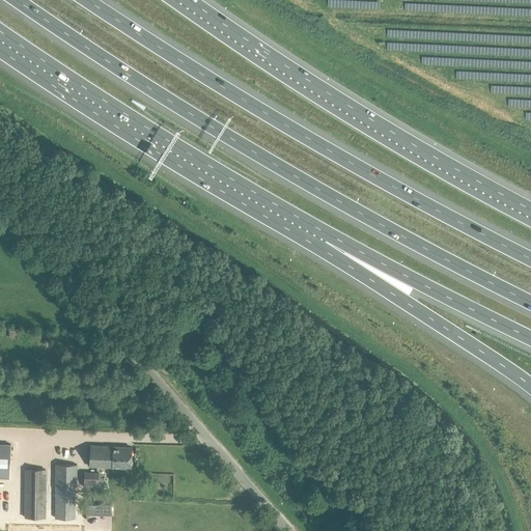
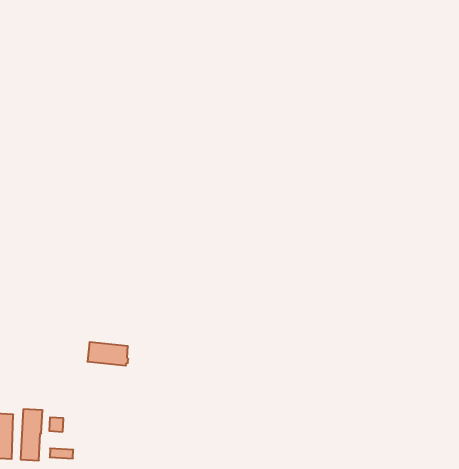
building: [87,446,131,469] -> [87,342,128,366]

